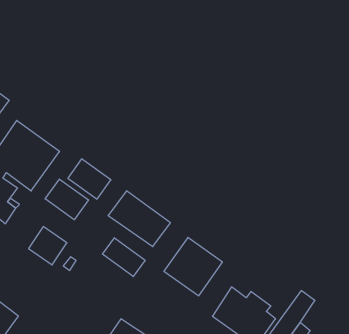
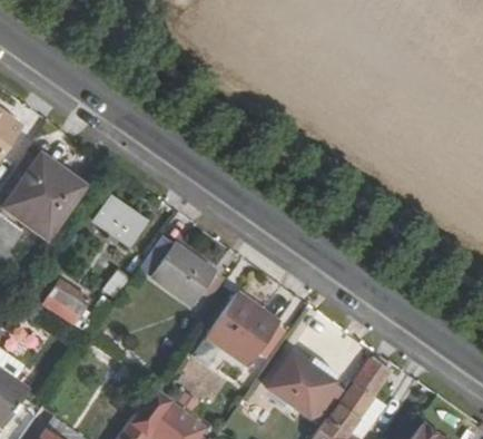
building: [45,179,89,220] -> none
building: [102,238,145,277] -> none

